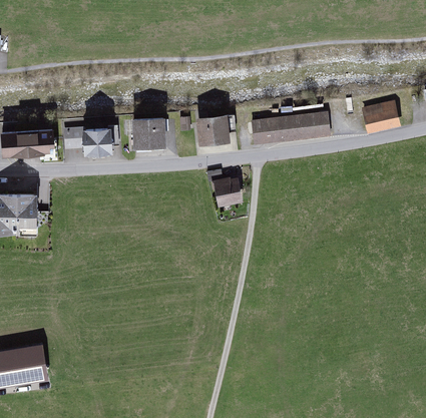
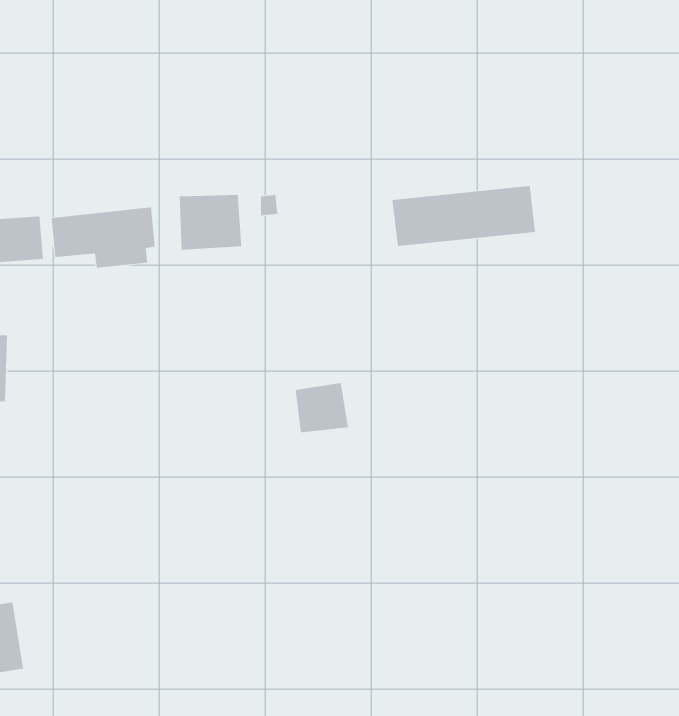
building: [359,100,401,134] -> none
building: [196,112,230,142] -> none
building: [214,178,244,206] -> [295,382,349,433]

